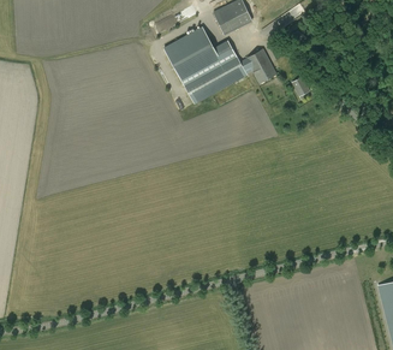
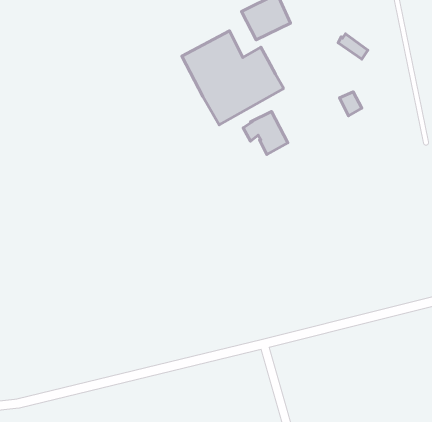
building: [240,49,276,84] -> [243,111,288,155]

